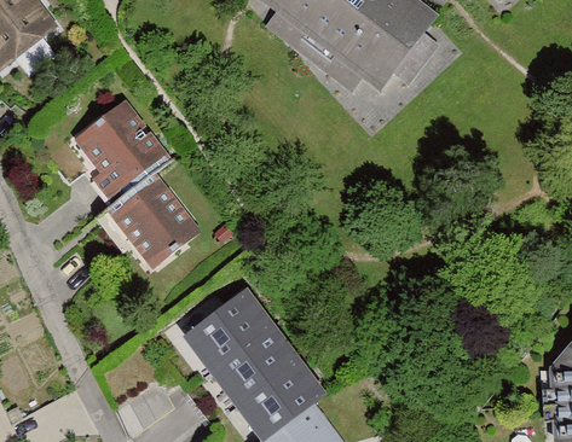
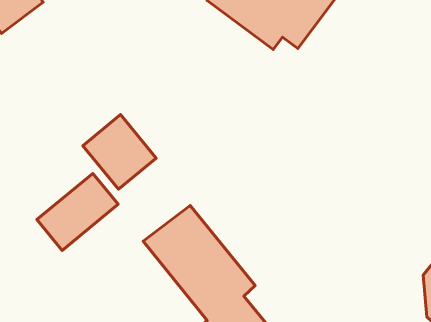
building: [76,103,167,196] -> none
building: none -> [37,173,118,251]

